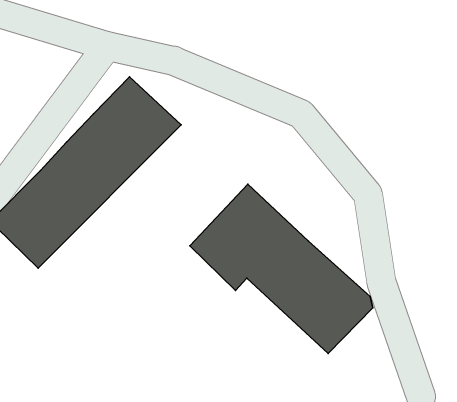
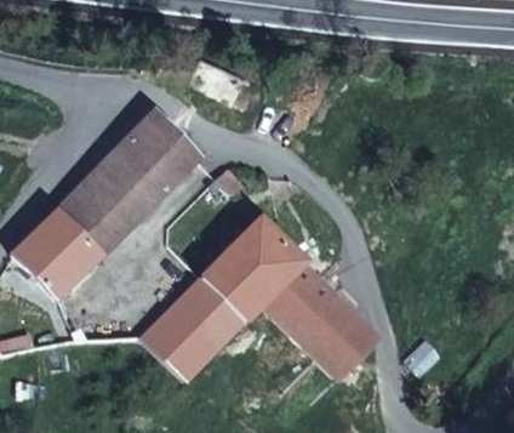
building: none -> [143,279,246,383]

